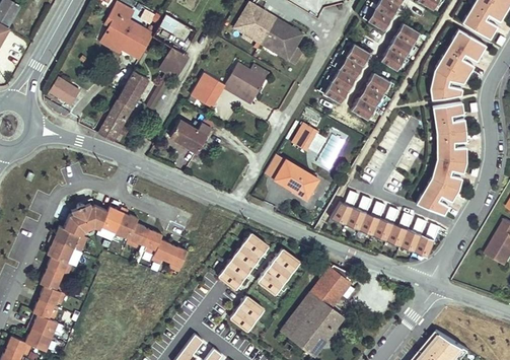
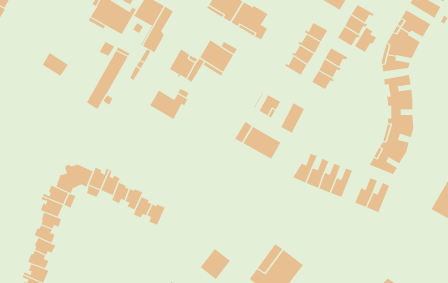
building: none -> [354,27,377,53]
building: [386,213,413,246] -> none
building: [218,234,268,291] -> none
building: [258,250,300,295] -> none
building: [318,265,355,299] -> none

